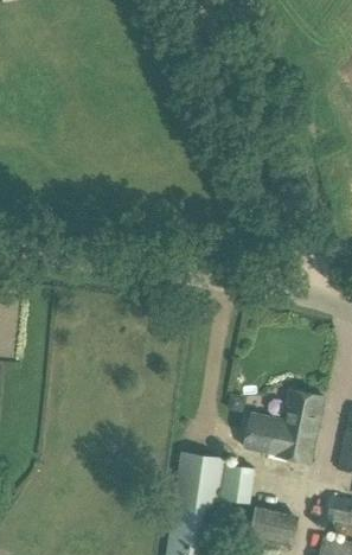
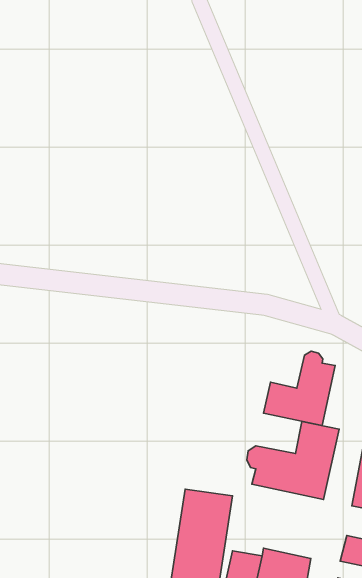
building: none -> [264,351,335,426]
building: [219,465,251,504] -> none

